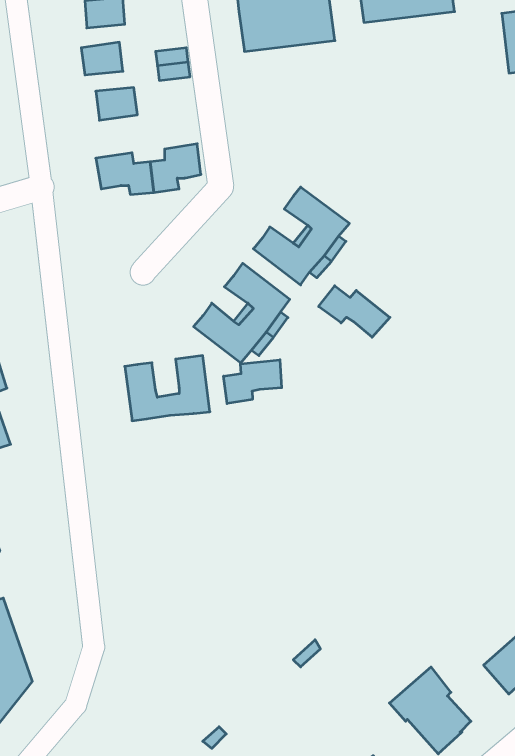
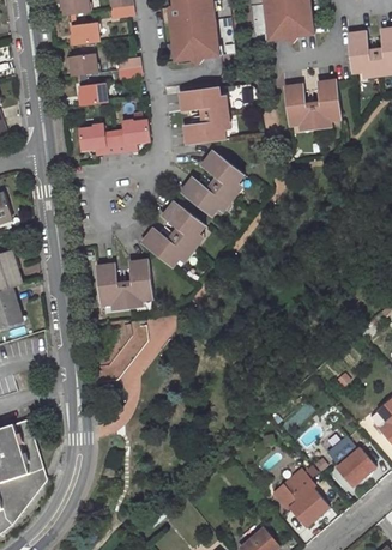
building: none -> [285,80,342,127]
building: none -> [180,87,227,144]
building: [319,286,390,337] -> none
building: [224,360,282,404] -> none

